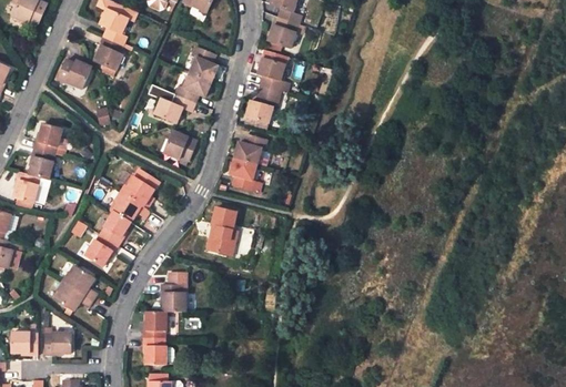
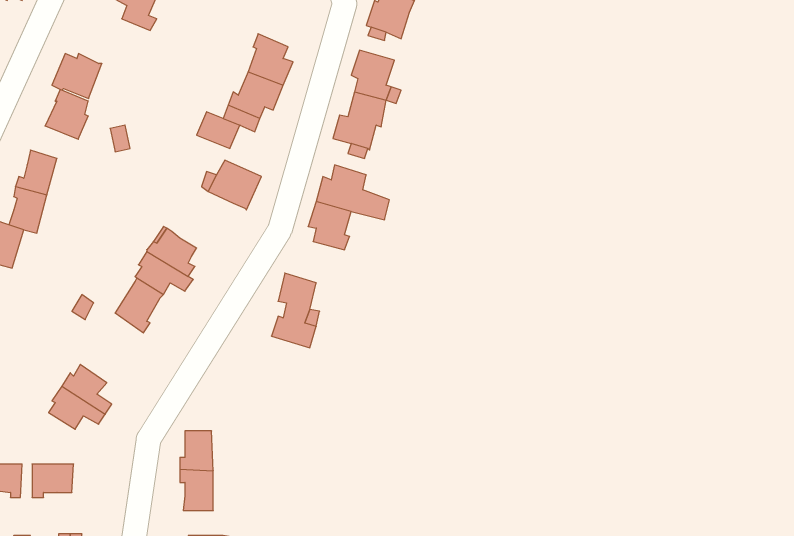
building: [93,35,122,69] -> [45,89,88,139]
building: [84,232,118,266] -> none
building: [160,271,184,310] -> none

